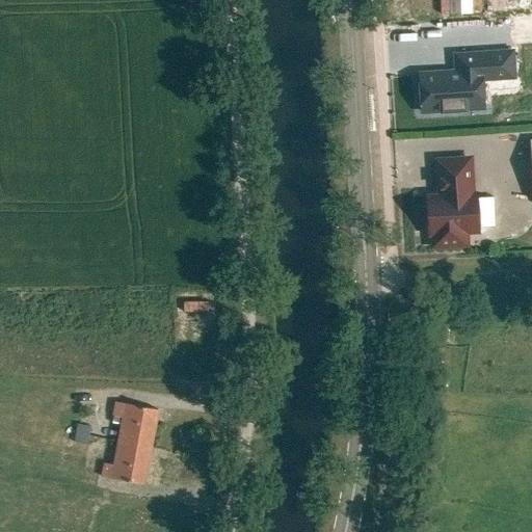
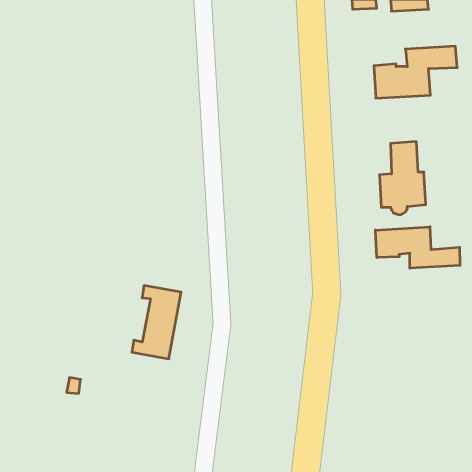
building: none -> [375,227,460,268]
building: [103,401,158,483] -> [132,286,181,359]

